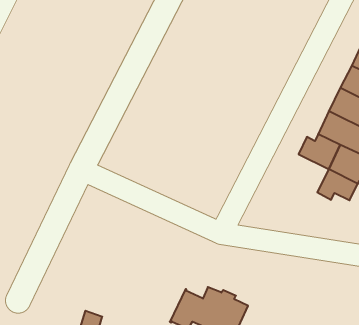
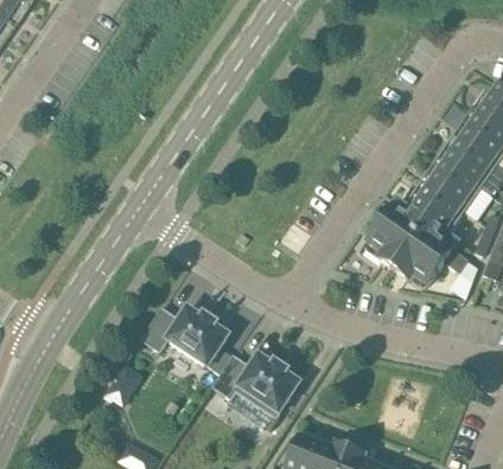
building: none -> [368,223,410,268]
building: none -> [140,306,229,365]

